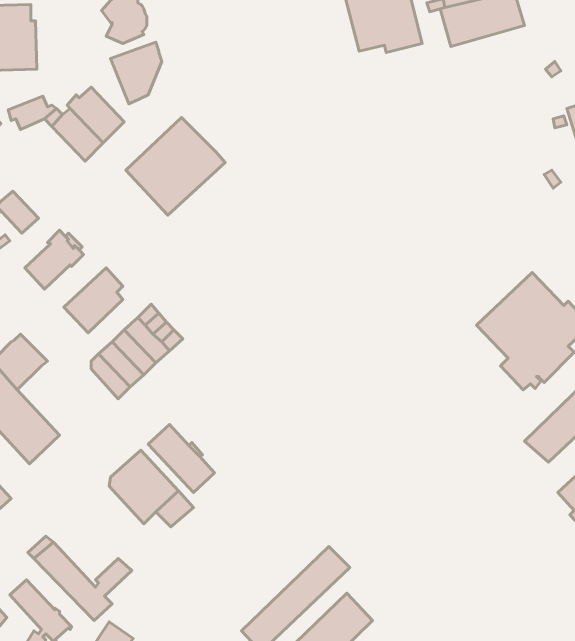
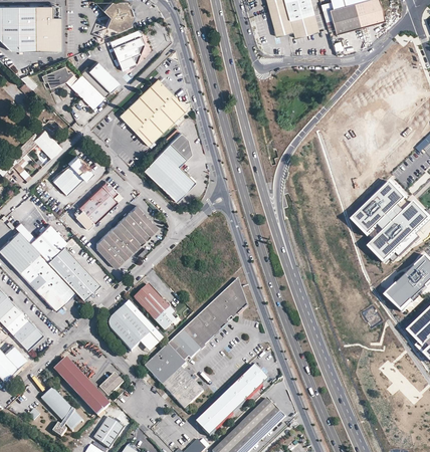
building: none -> [143,133,195,202]
building: none -> [46,246,97,299]
building: none -> [143,280,247,410]

